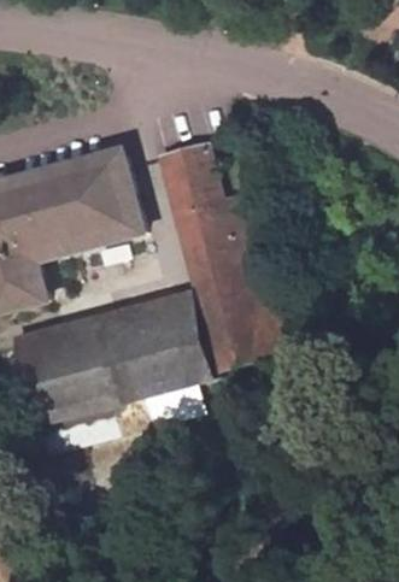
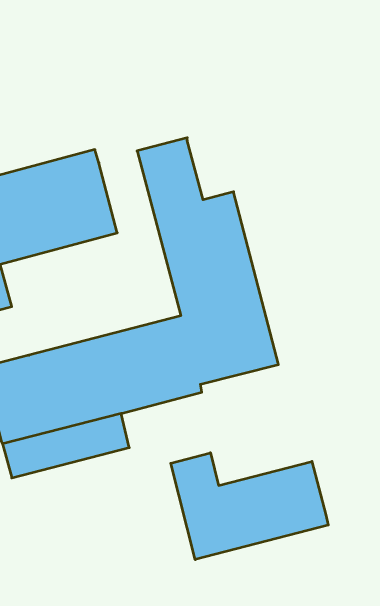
building: none -> [171,453,328,560]

